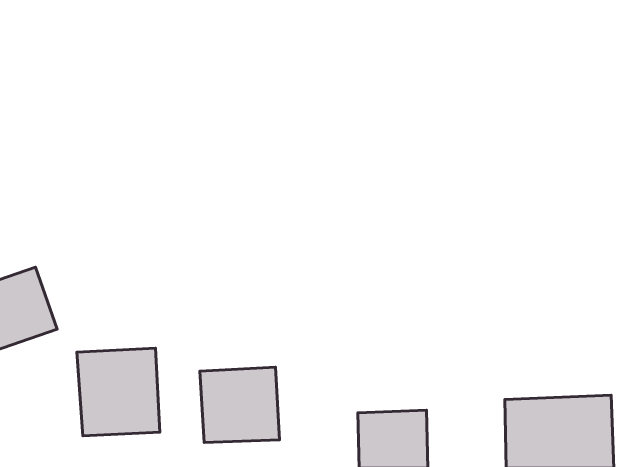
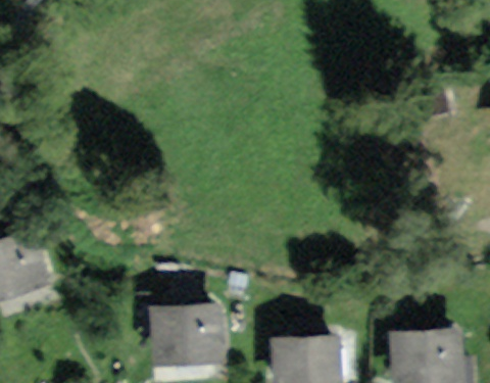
building: [77,348,160,436] -> none

